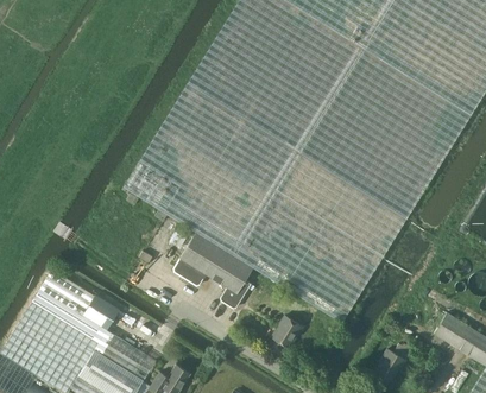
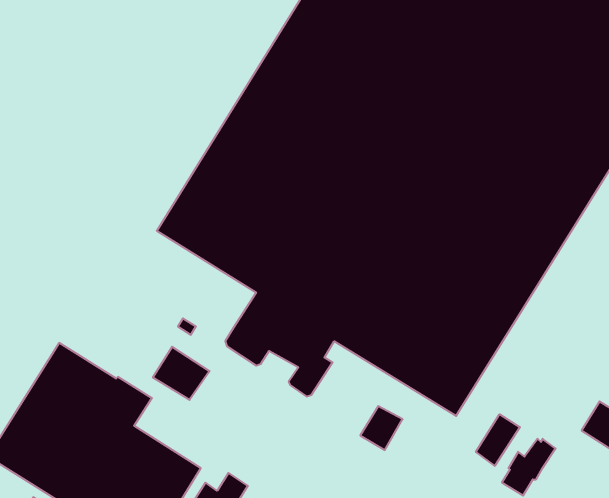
building: none -> [153,347,210,400]
building: none -> [476,414,520,466]

